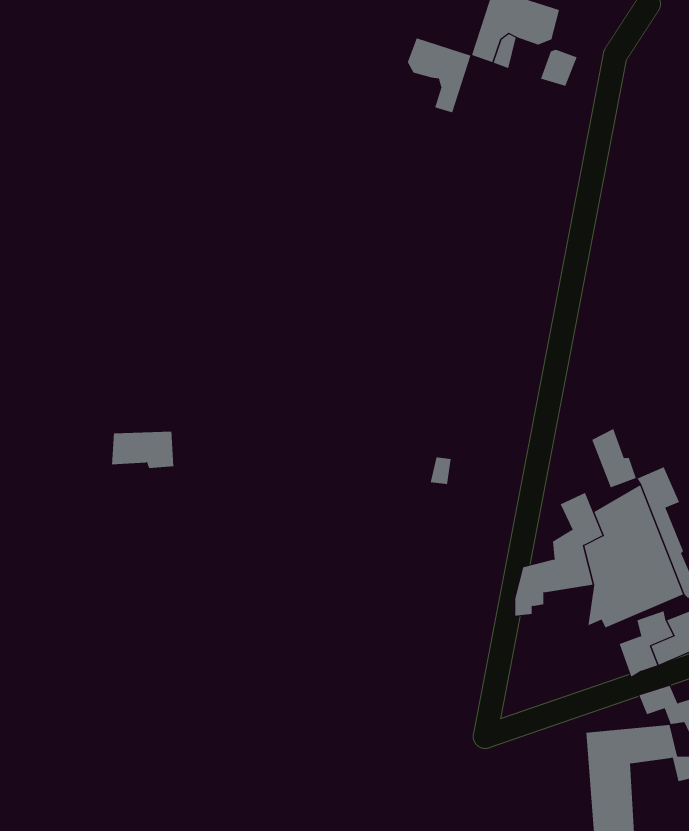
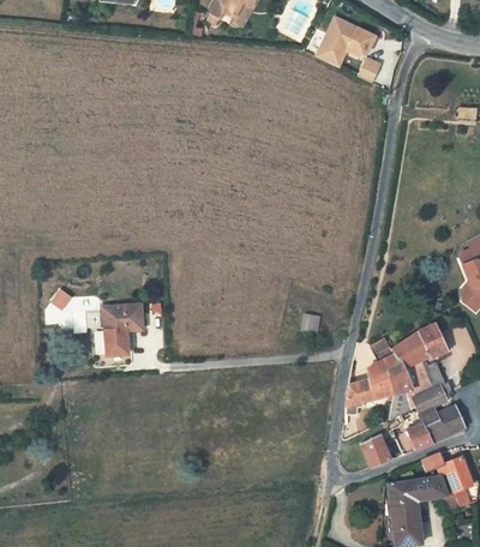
building: [407,37,471,113] -> none
building: [591,428,637,488] -> none
building: none -> [98,318,122,345]
building: none -> [358,433,402,465]

